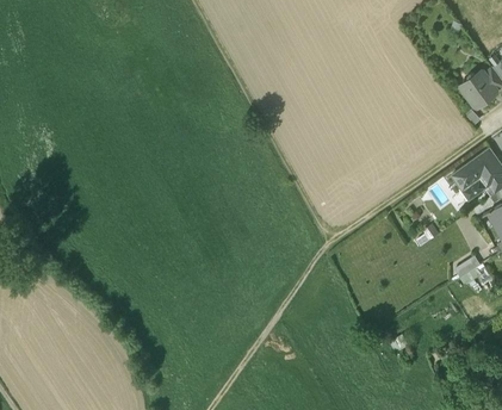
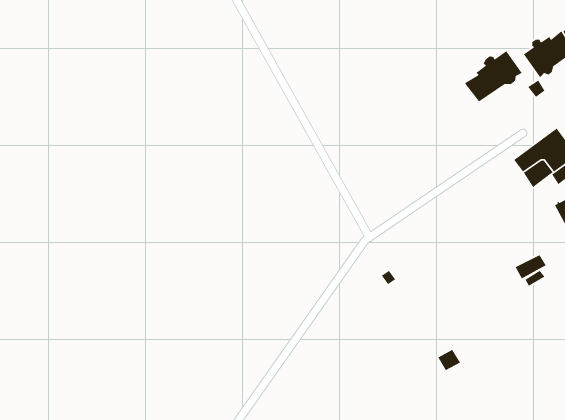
building: none -> [464,50,523,102]

